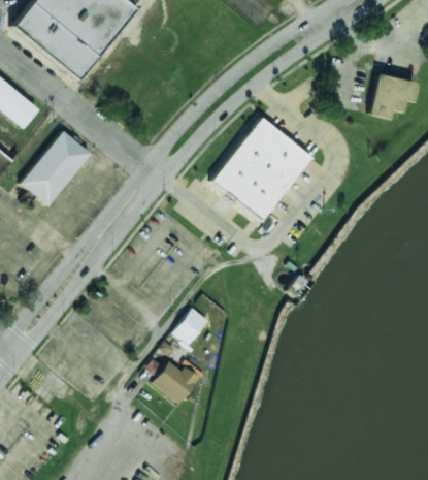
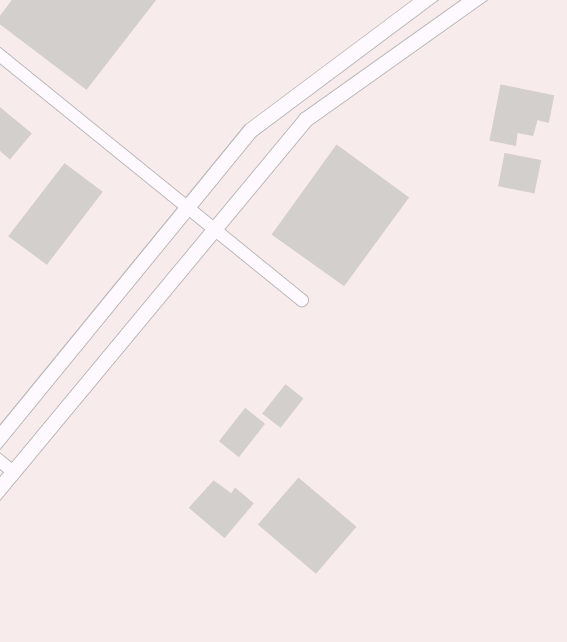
building: none -> [497,152,542,194]
building: none -> [261,383,305,429]
building: none -> [257,476,357,575]

